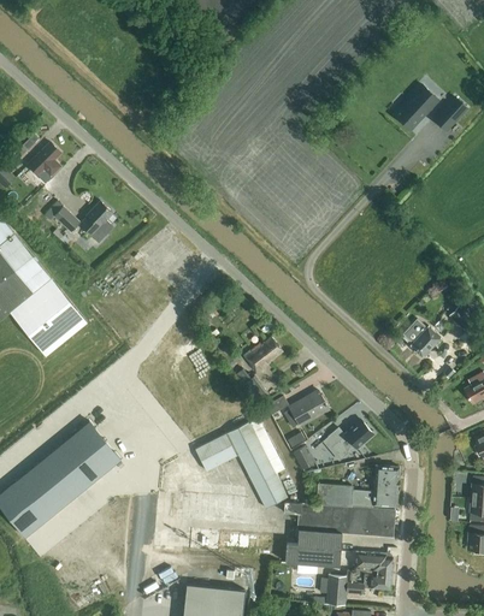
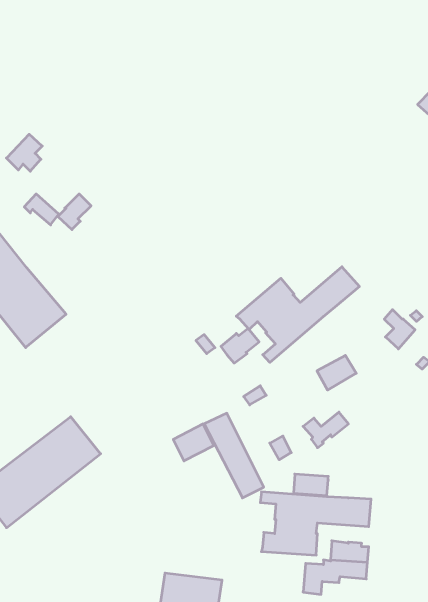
building: [397,84,436,124] -> none
building: none -> [236,267,359,362]
building: [288,391,327,426] -> [317,355,356,390]
building: [349,466,397,508] -> none

